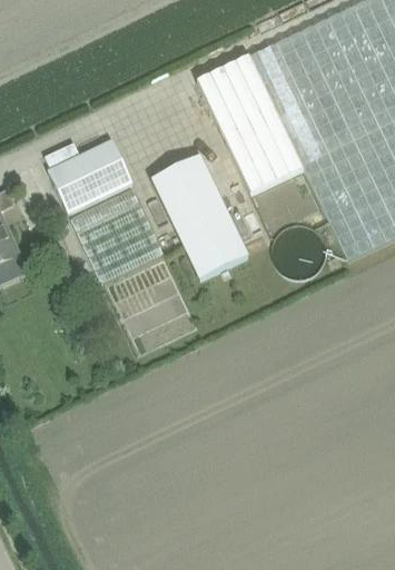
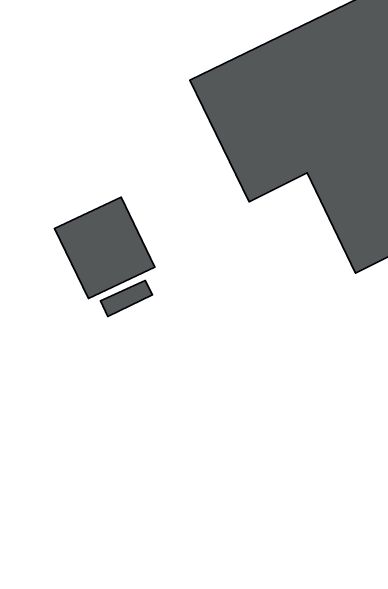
building: [49,140,134,214] -> none
building: [151,156,250,282] -> none

